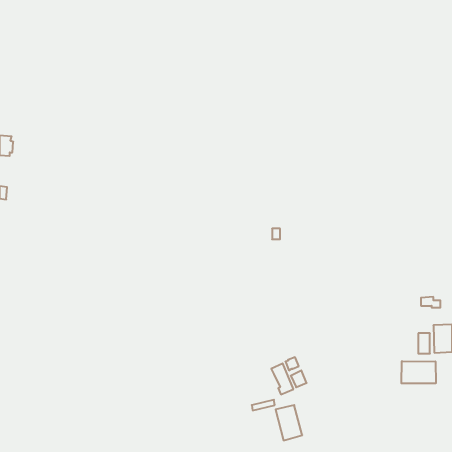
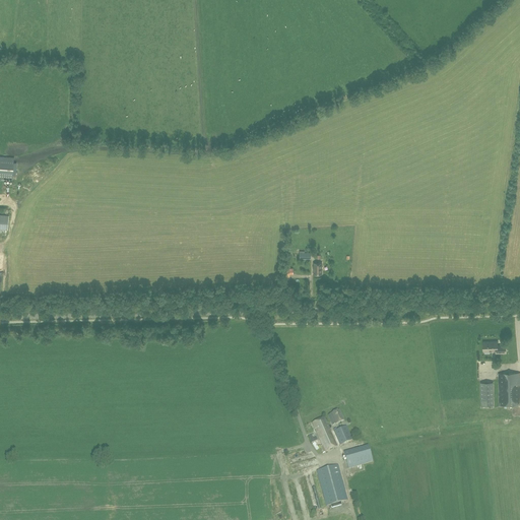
building: [401,361,436,383] -> none
building: none -> [343,446,372,467]

